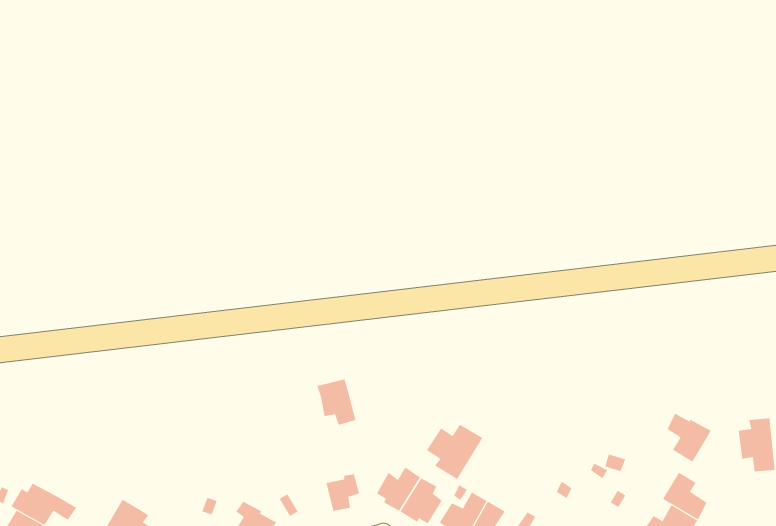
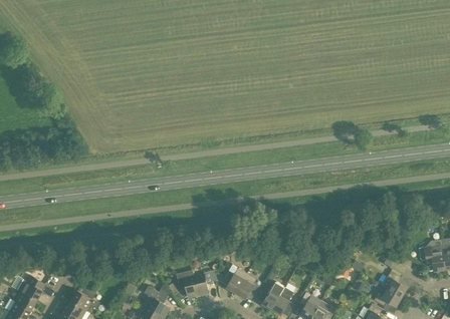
building: [316,379,356,426] -> [176,270,198,296]
building: [667,413,712,462] -> none
building: [426,424,483,480] -> none

